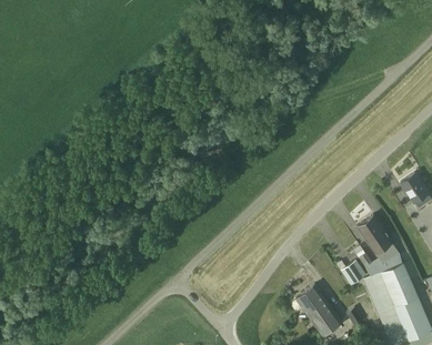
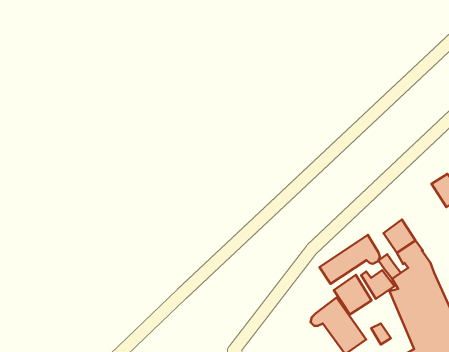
building: none -> [319,235,380,284]
building: none -> [334,275,372,314]

